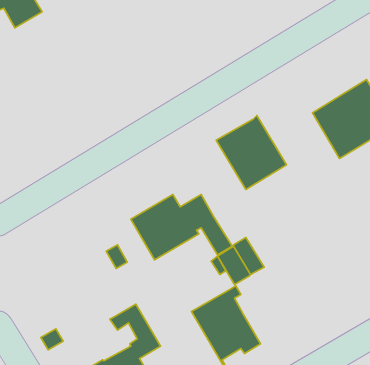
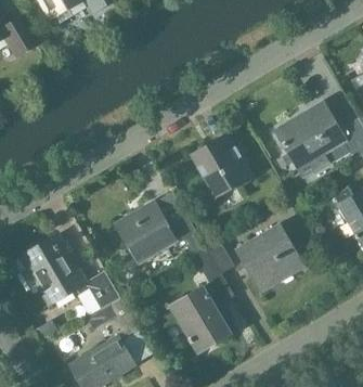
building: none -> [234,223,303,289]
building: none -> [18,234,120,311]

